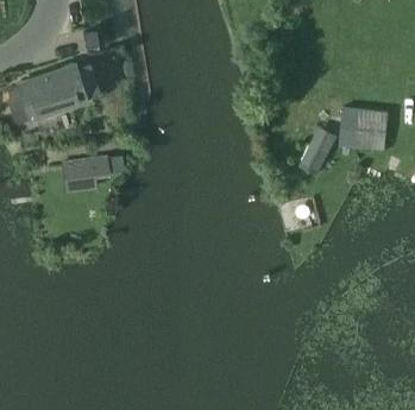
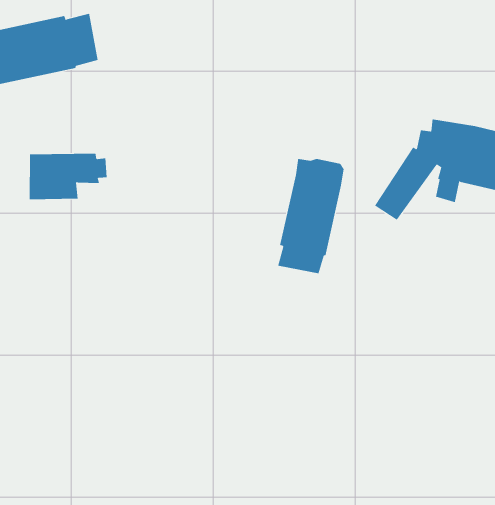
building: none -> [277,158,344,274]

